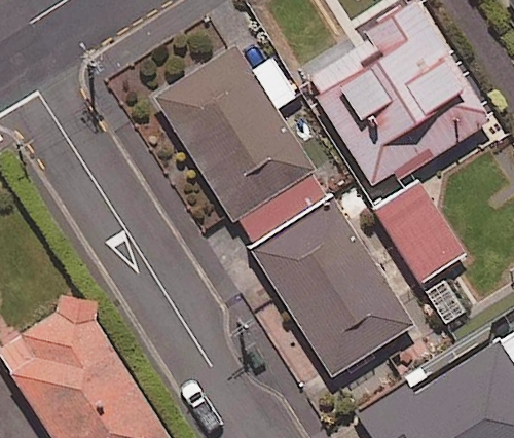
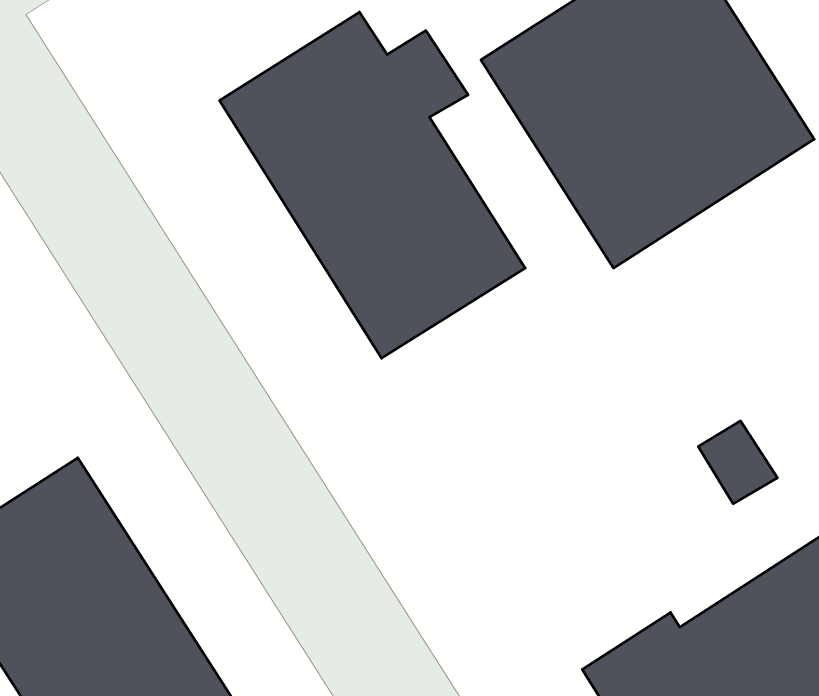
building: [377,182,466,282] -> none
building: [254,199,413,375] -> none

